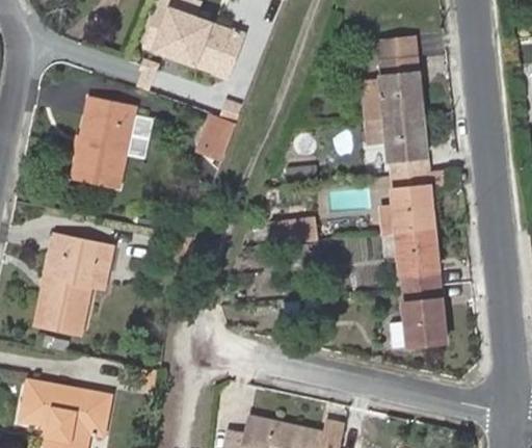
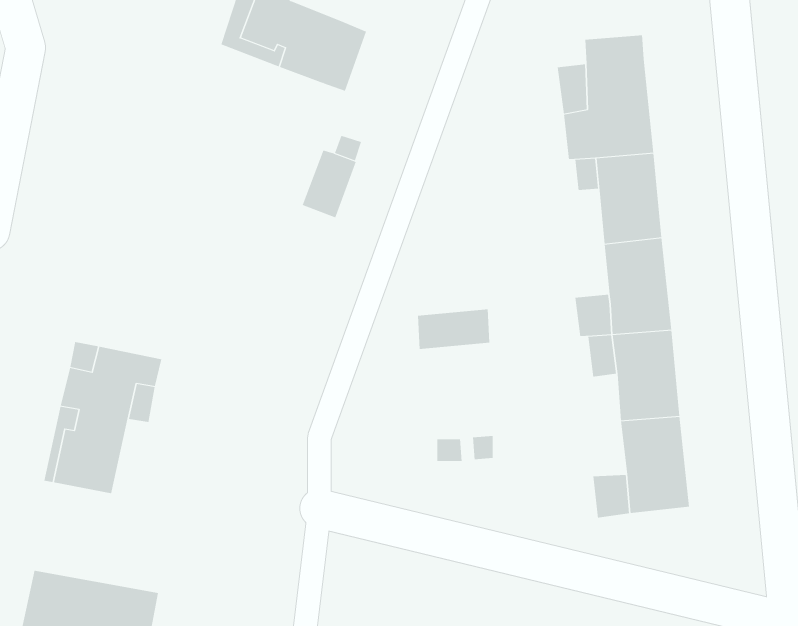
building: [72,100,134,187] -> none

